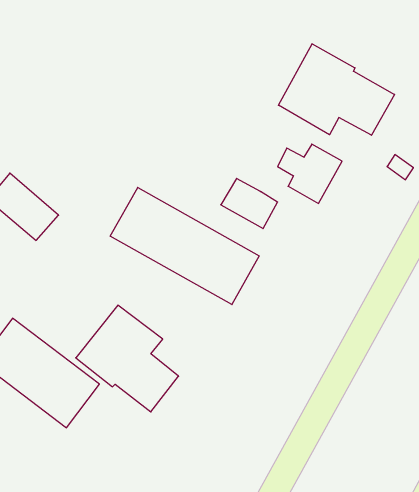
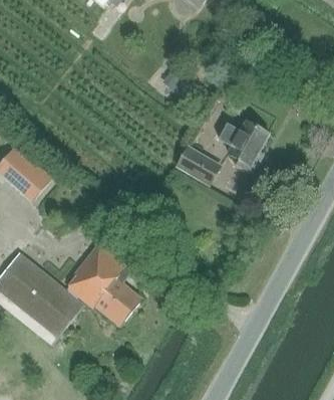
building: [278,44,395,135] -> none
building: [110,187,259,305] -> none

